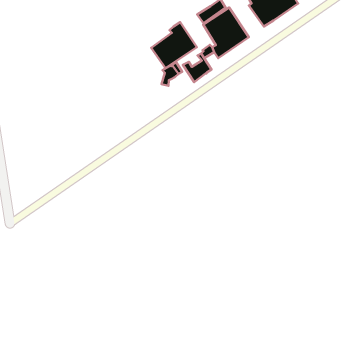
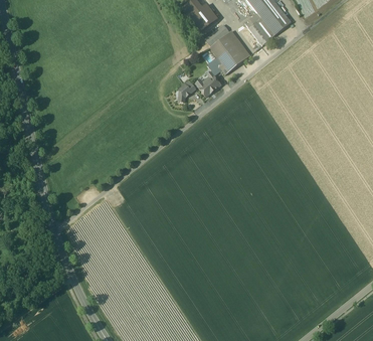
building: [151,22,197,68] -> none

